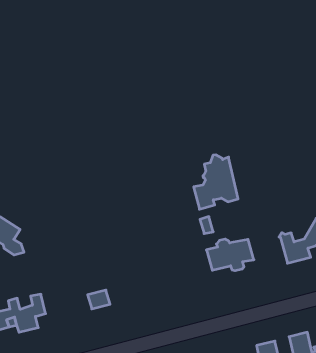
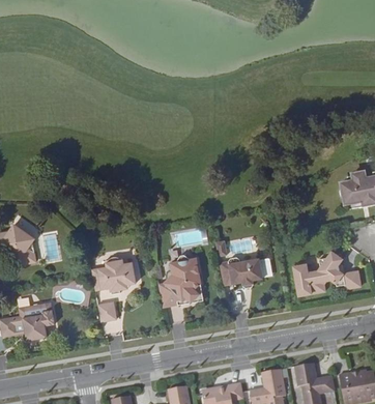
building: [194,155,238,209] -> [158,254,202,307]
building: none -> [91,255,137,293]

